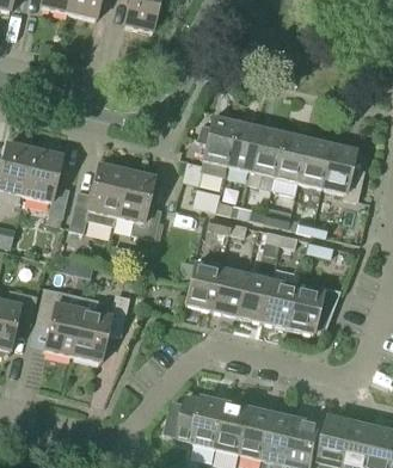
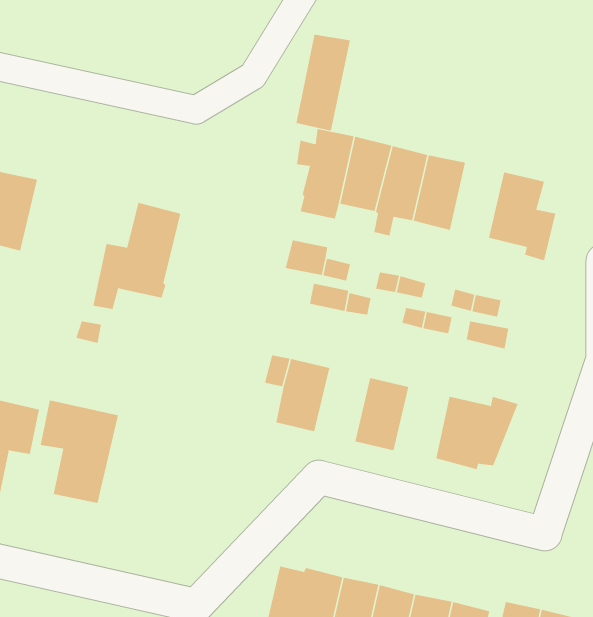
building: none -> [296,34,350,131]
building: [296,138,330,186] -> none
building: [24,149,68,217] -> none
building: [115,171,160,239] -> none
building: [210,269,245,315] -> none
building: [260,281,295,326] -> none
building: [73,294,129,361] -> none

